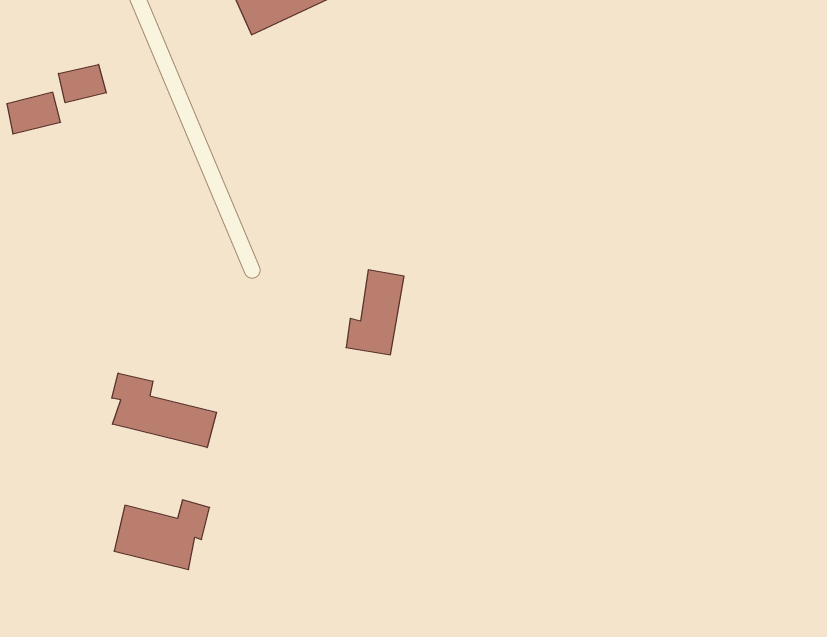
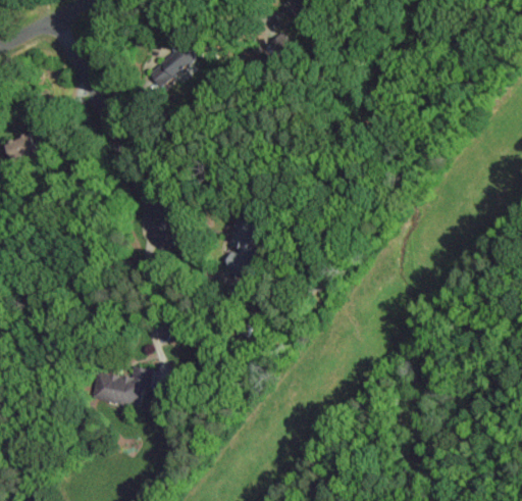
building: [59,64,106,103] -> none
building: [112,373,217,448] -> none

